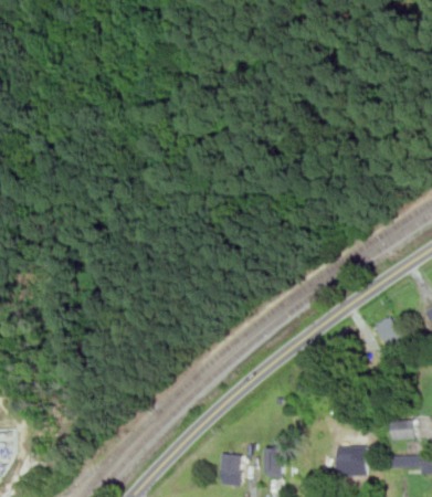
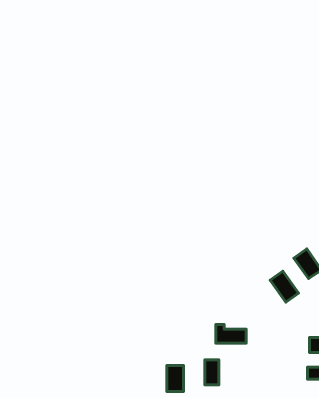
building: none -> [270,271,299,302]
building: [328,452,365,474] -> [216,325,246,343]

